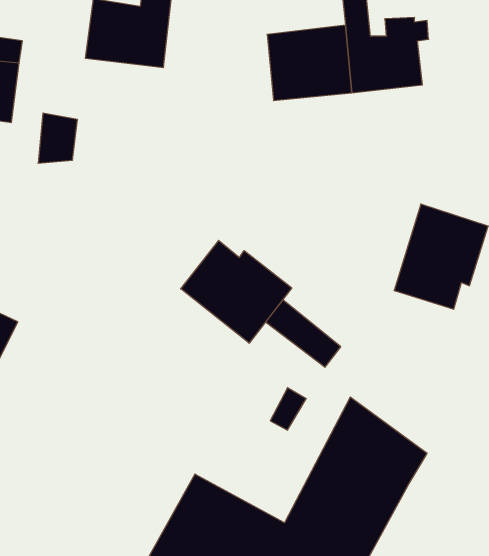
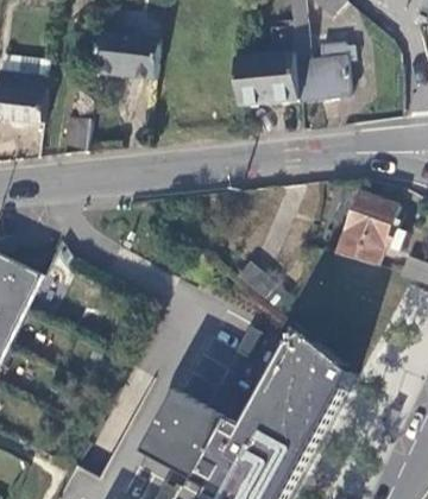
building: [181,240,292,343] -> none

